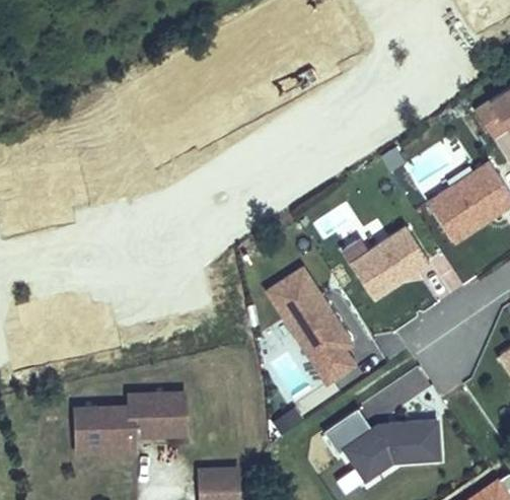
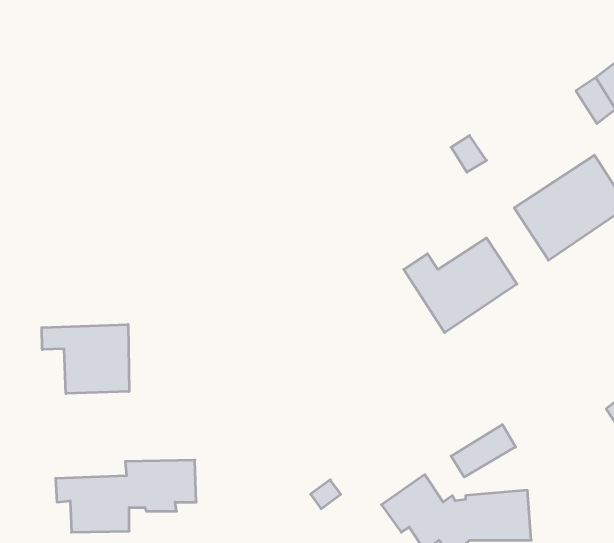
building: [268,269,356,384] -> none
building: none -> [42,324,129,394]

